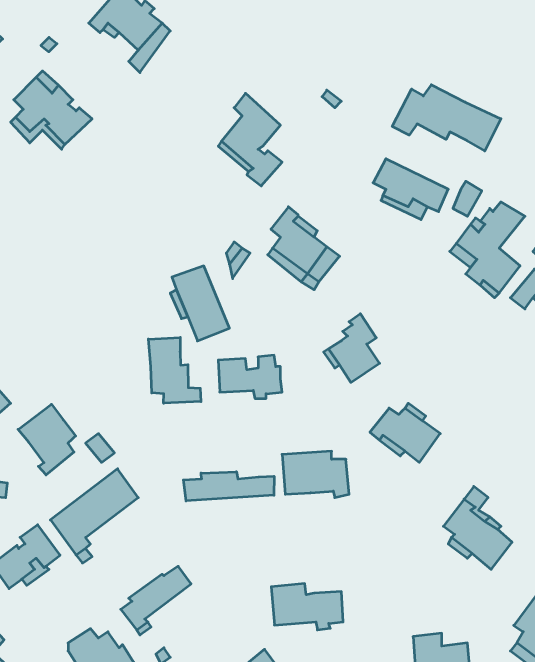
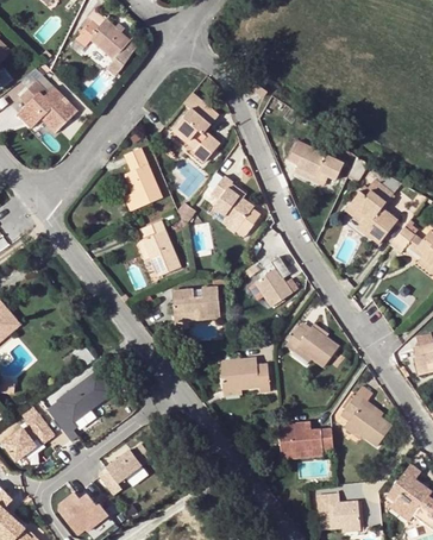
building: [392,85,501,151] -> none
building: none -> [123,146,161,211]
building: [148,337,201,403] -> none
building: [18,404,76,475] -> none
building: [183,472,274,501] -> none
building: [271,584,343,630] -> [278,422,332,457]

